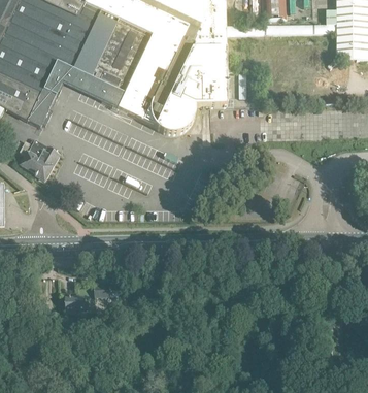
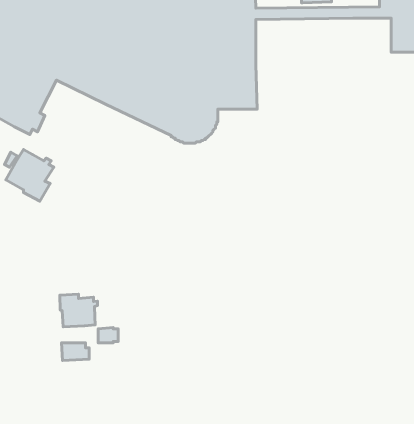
building: none -> [60,294,98,327]

